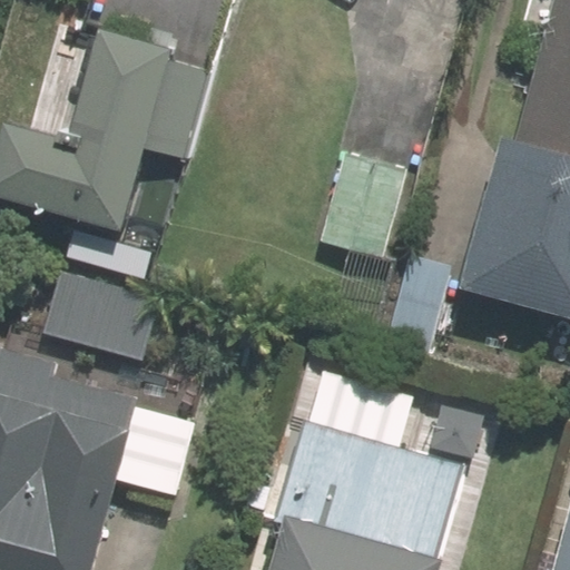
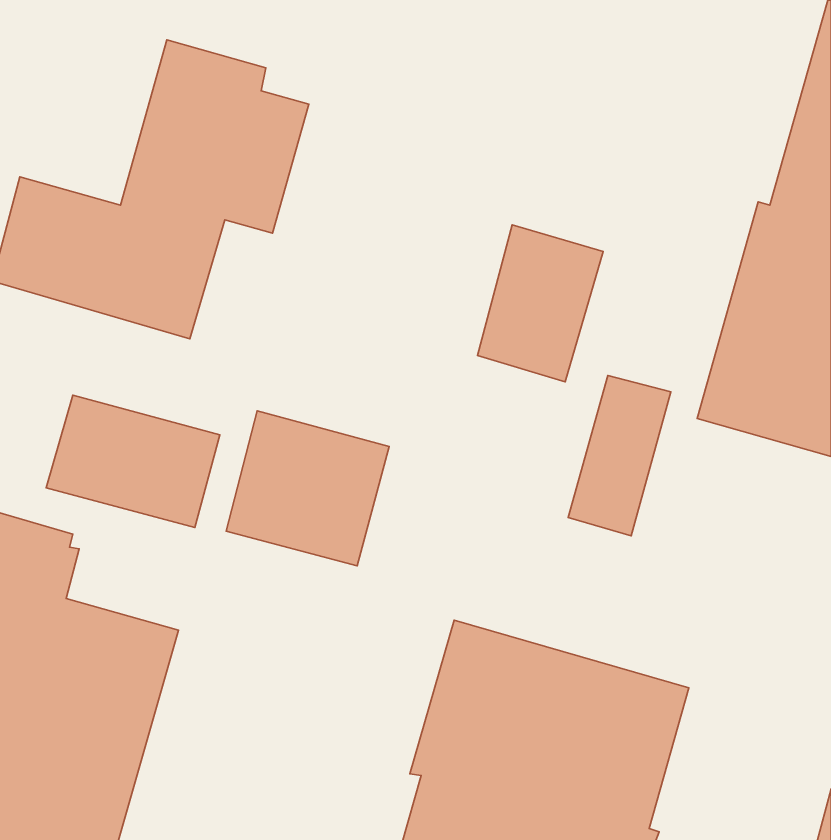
building: none -> [226,411,389,566]

